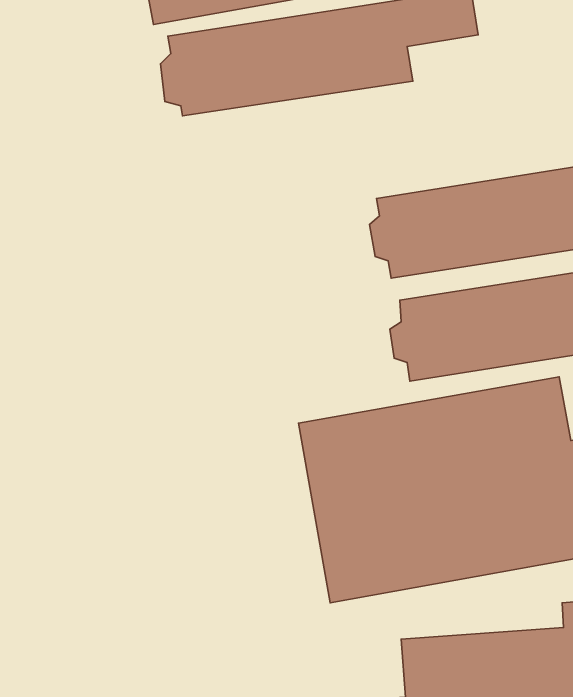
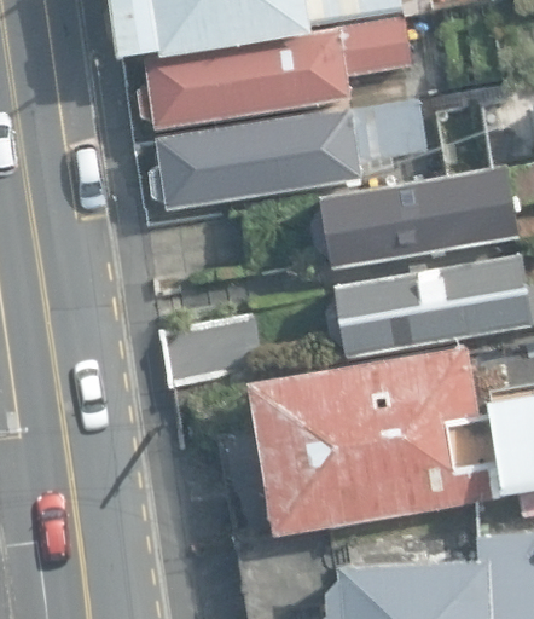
building: none -> [151,102,417,207]

